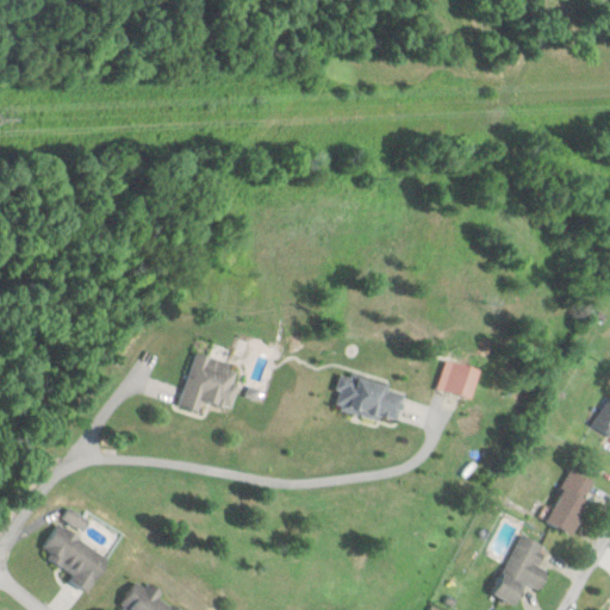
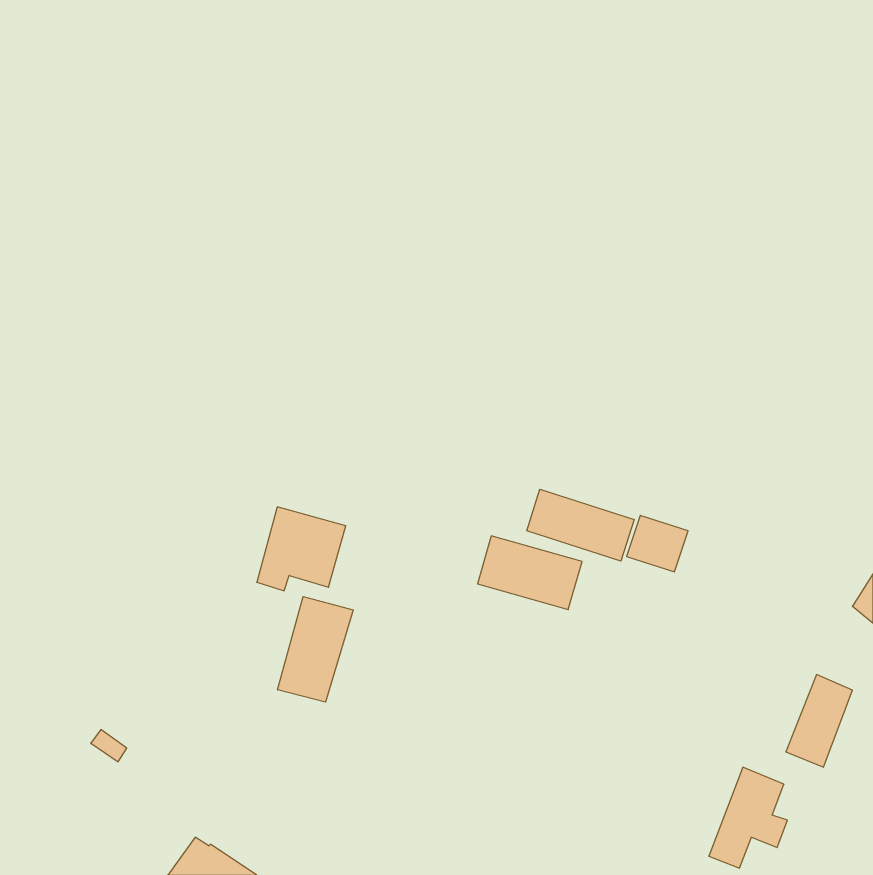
building: none -> [527,489,634,561]
building: none -> [278,597,353,702]
building: [38,523,110,589] -> none

